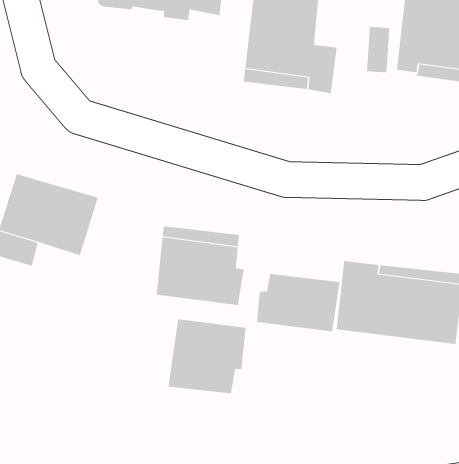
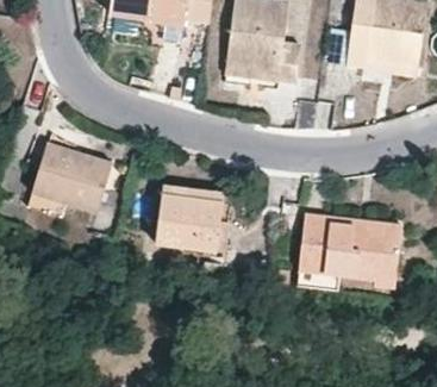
building: [257,273,340,332] -> none
building: [168,318,246,394] -> none

